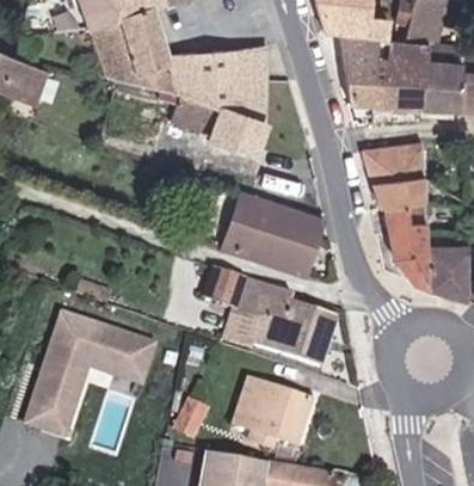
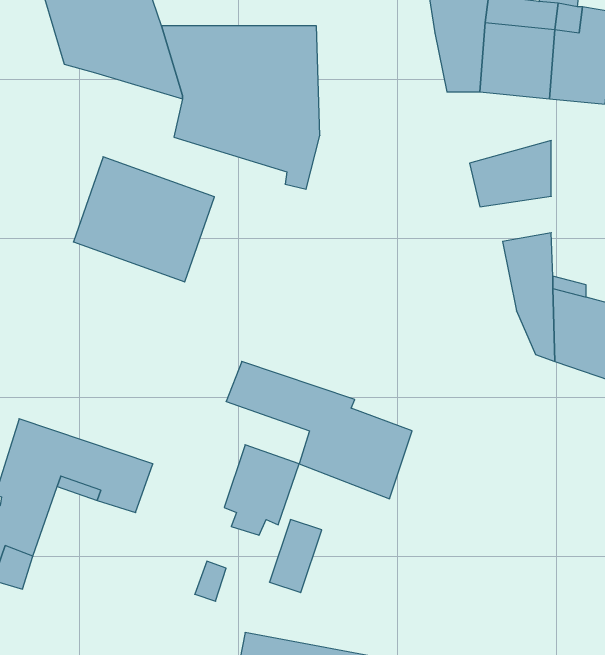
building: [376,167,425,199] -> none
building: [222,185,319,271] -> [73,157,214,282]
building: [253,396,304,459] -> [224,445,299,535]

